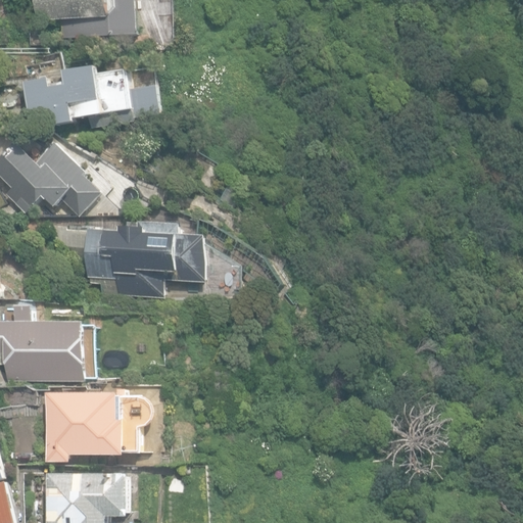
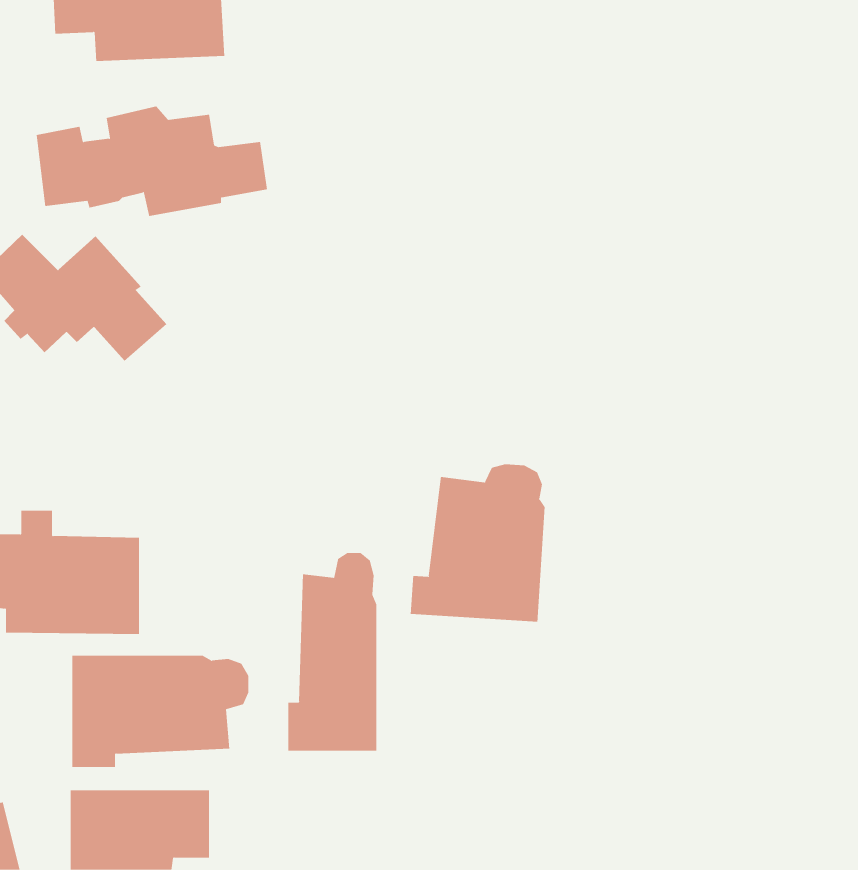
building: [85,221,238,297] -> none
building: none -> [410,464,545,622]
building: none -> [288,552,377,752]

